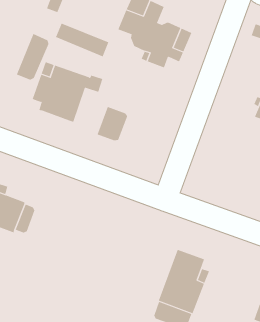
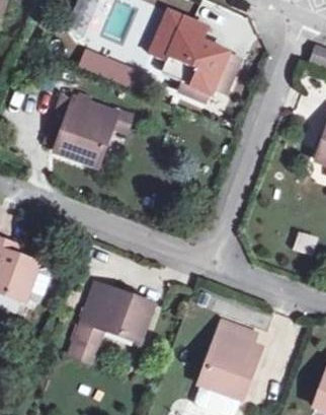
building: [16,33,49,80] -> none
building: [97,106,128,141] -> none
building: none -> [69,282,152,361]

